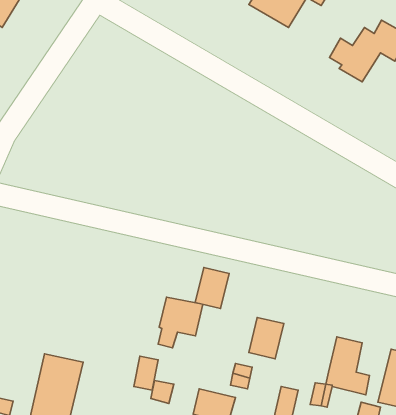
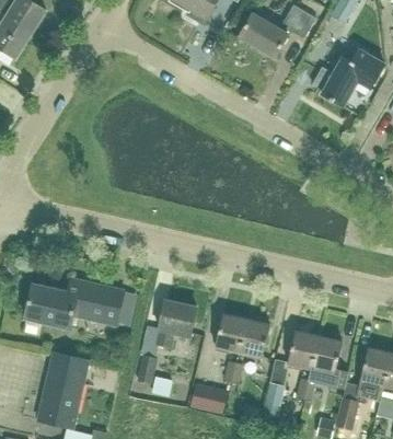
building: [195,267,229,309] -> [216,313,246,350]
building: none -> [21,279,125,336]
building: none -> [288,331,319,368]

